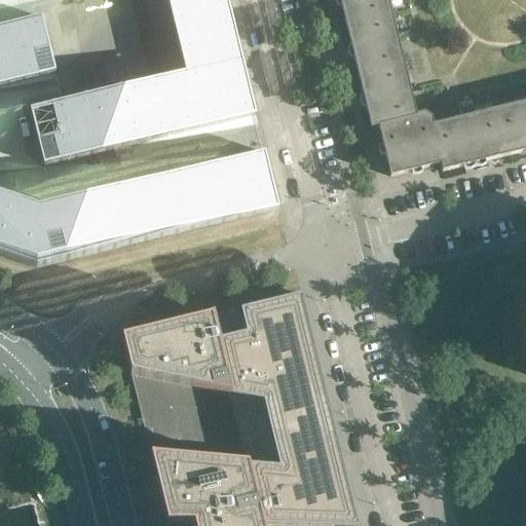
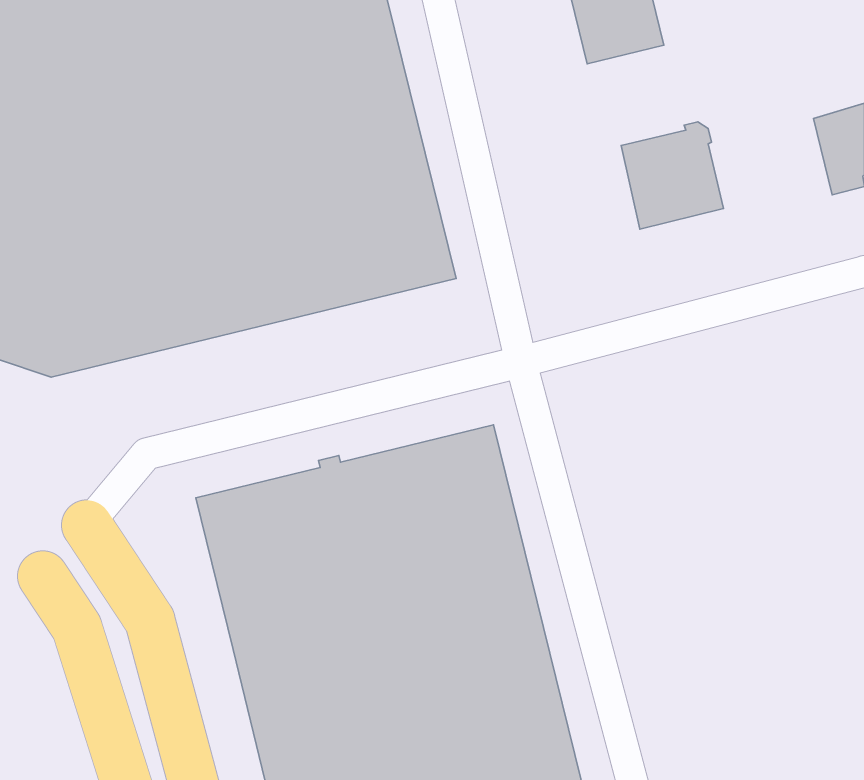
building: [356,62,416,124] -> none
building: [429,106,504,167] -> none

